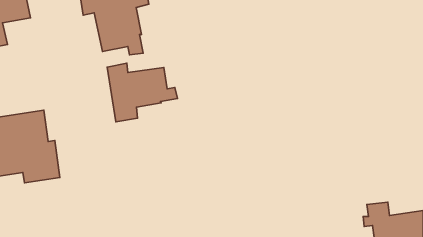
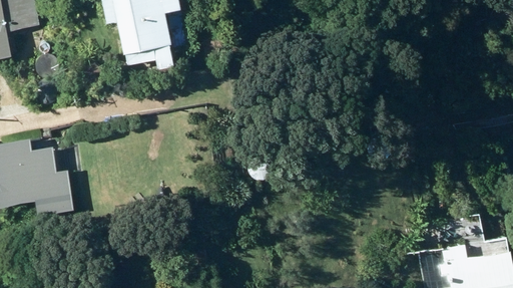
building: [107,63,177,122] -> none

